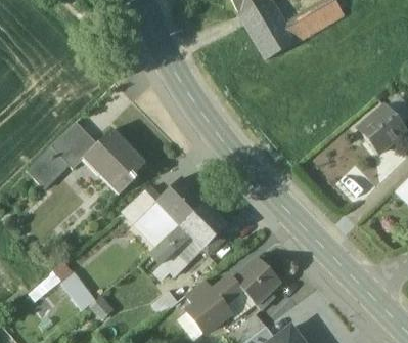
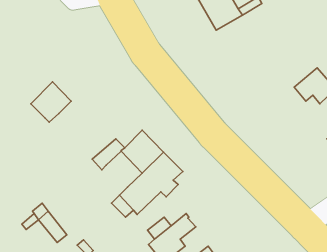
building: [83,130,145,196] -> none
building: [26,146,66,186] -> none
building: [138,202,180,244] -> none
building: [233,256,280,308] -> none

